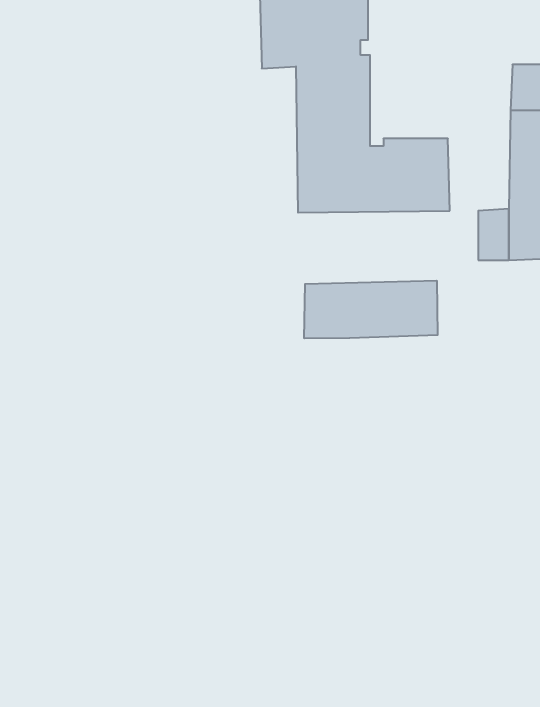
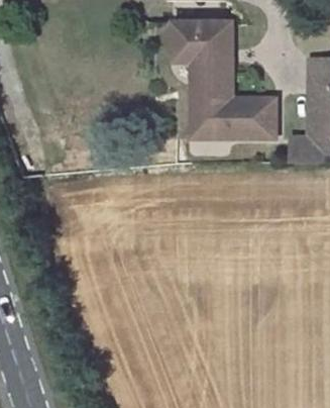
building: [304,281,438,338] -> none

